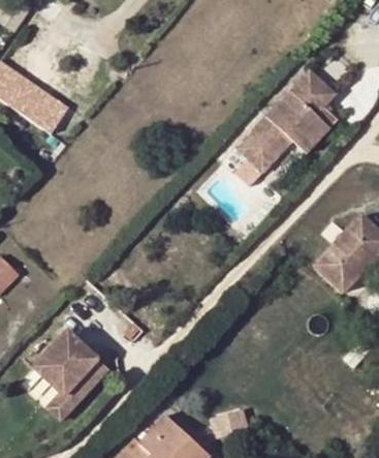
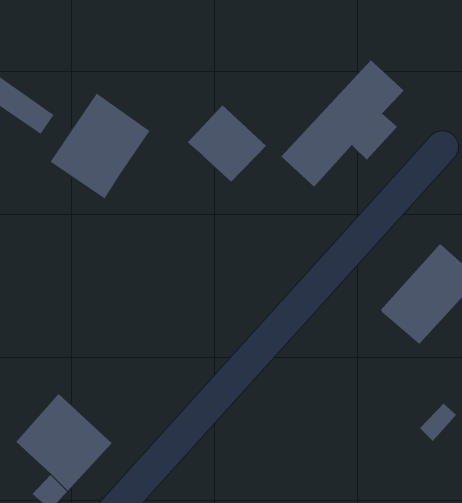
building: none -> [50,93,150,200]
building: none -> [187,104,267,183]

